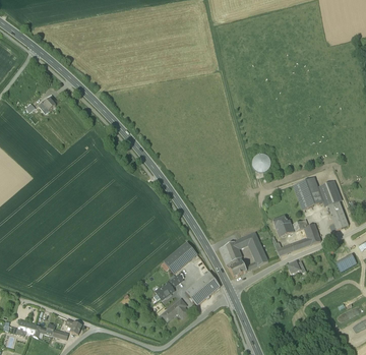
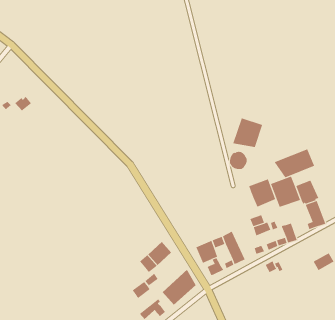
building: none -> [233,117,263,148]
building: none -> [274,148,315,178]
building: none -> [249,178,276,208]

